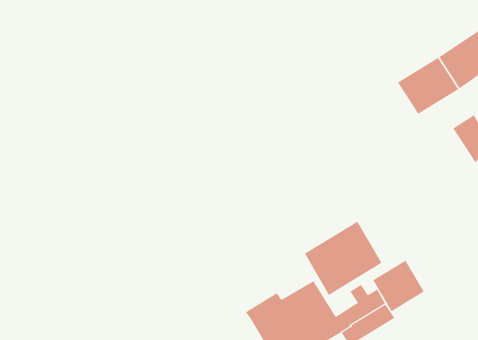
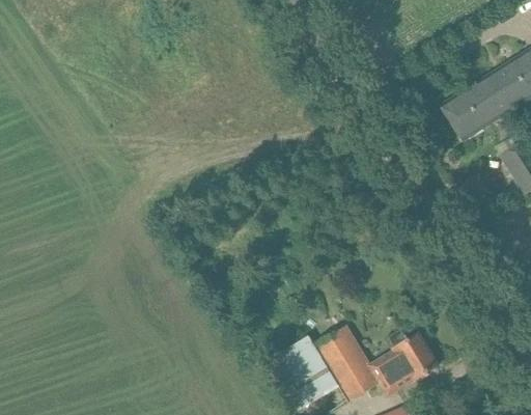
building: [304,221,382,296] -> none
building: [373,260,424,312] -> none

